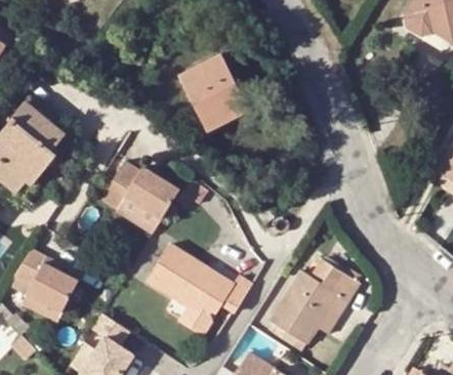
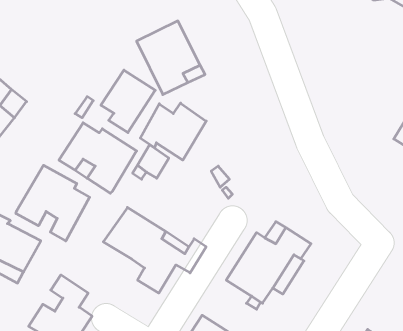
building: none -> [101,70,155,133]
building: none -> [140,103,206,160]
building: none -> [16,165,90,241]

